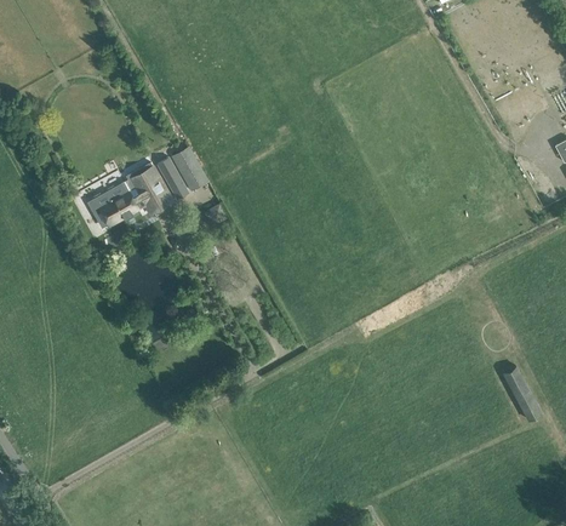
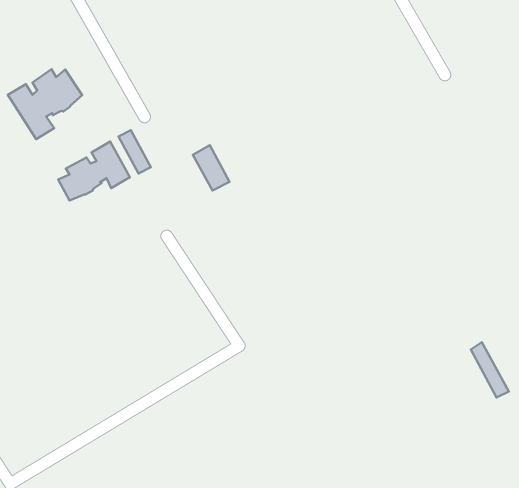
building: none -> [8,69,82,139]
building: [170,145,206,190] -> [193,145,230,191]

